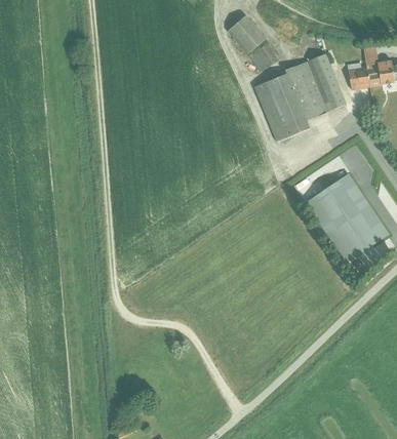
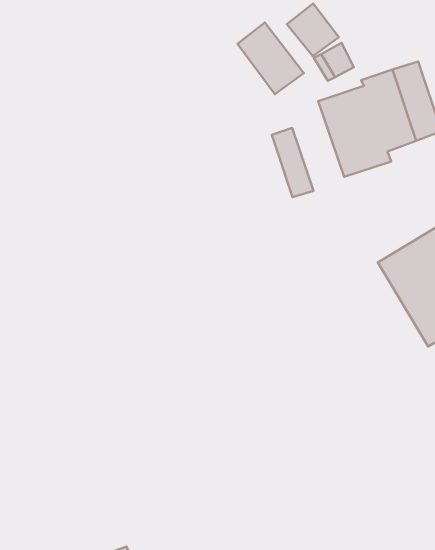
building: none -> [237,23,304,94]
building: none -> [272,128,313,197]

